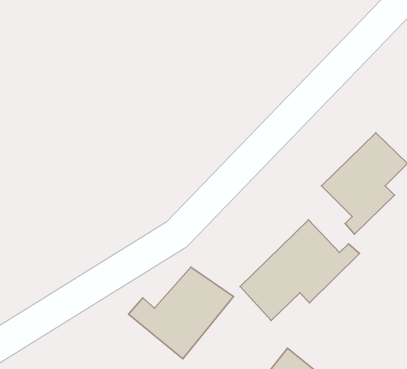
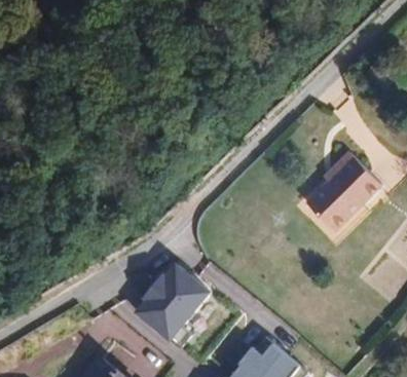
building: [240,220,359,320] -> none

